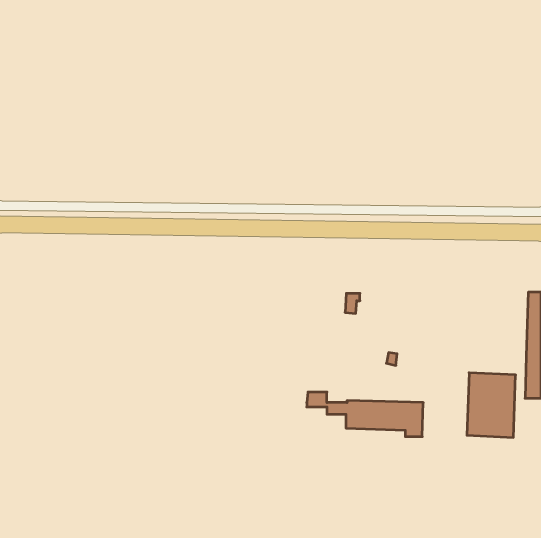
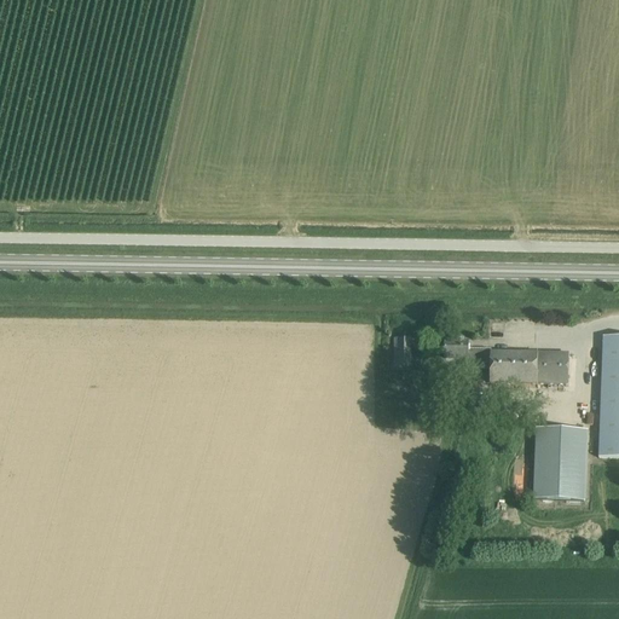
building: [307,392,423,437] -> [445,339,578,389]

